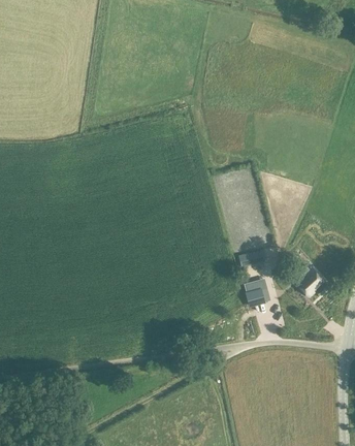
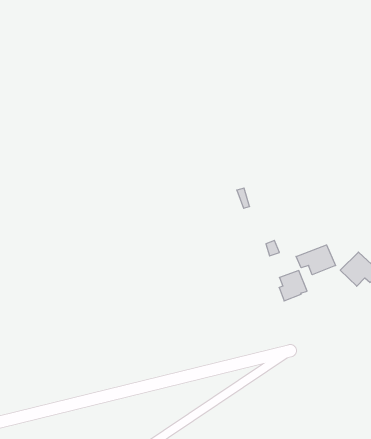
building: none -> [296,245,336,275]

